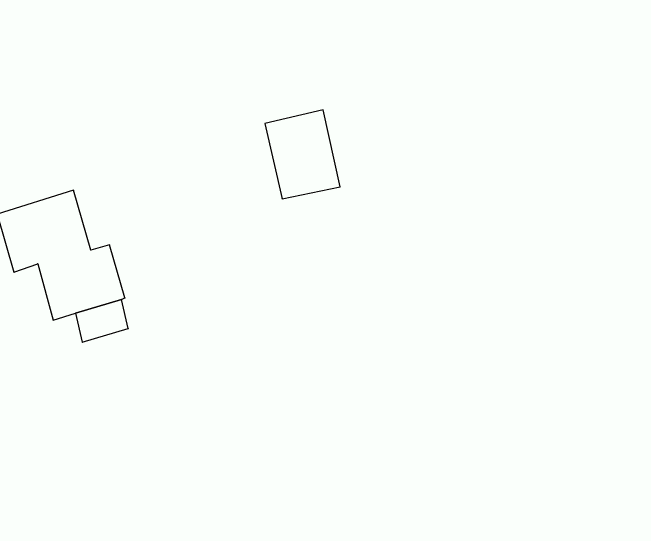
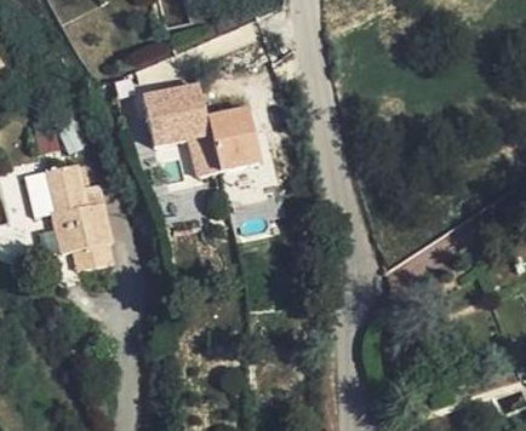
building: none -> [143,87,221,177]

